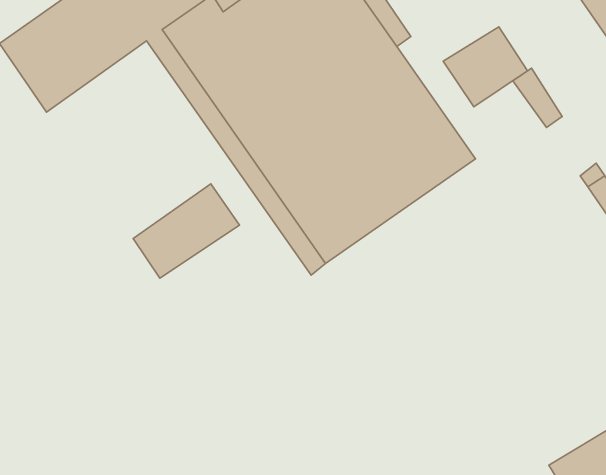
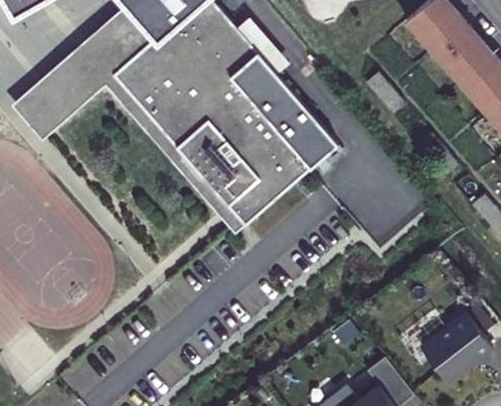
building: [443,27,528,107] -> none
building: [133,184,240,278] -> none

